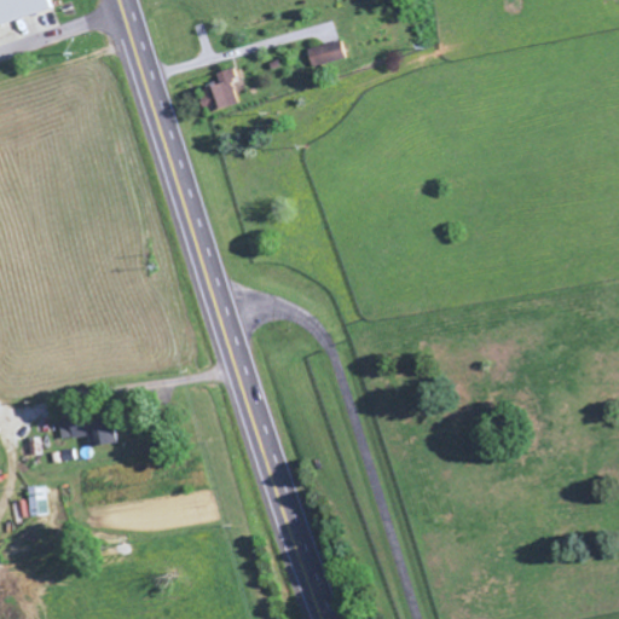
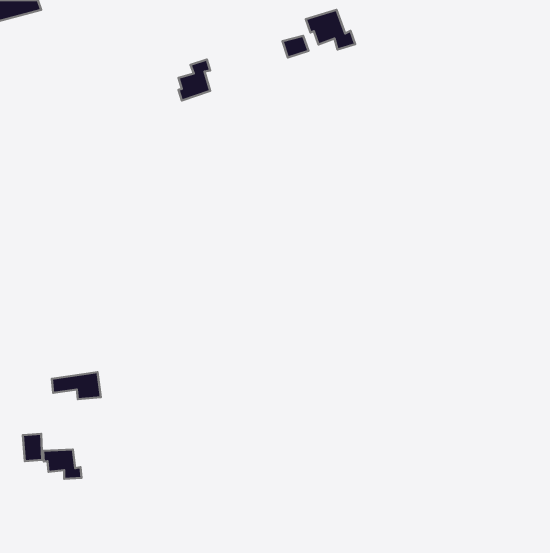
building: none -> [306,10,355,50]
building: none -> [43,449,81,479]

